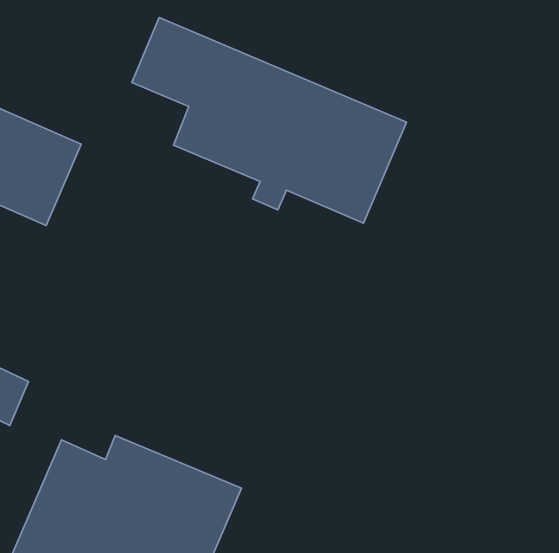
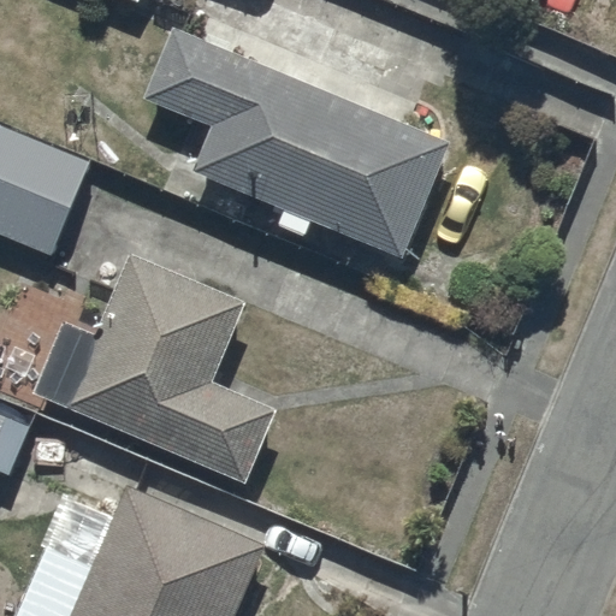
building: none -> [32,250,278,481]

